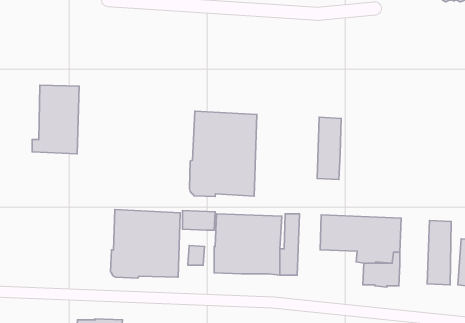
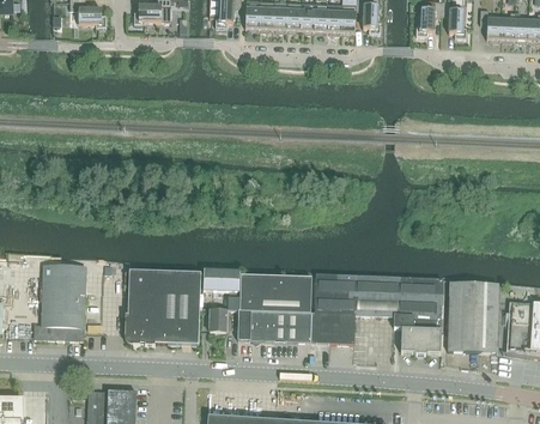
building: [32,85,79,154] -> [35,264,86,339]
building: [189,111,257,197] -> none
building: [317,117,341,180] -> [329,274,356,343]
building: none -> [448,281,474,351]

